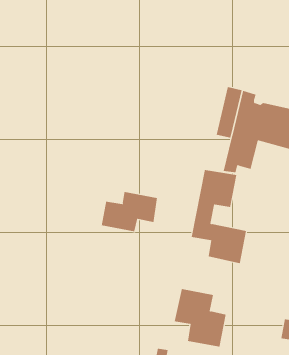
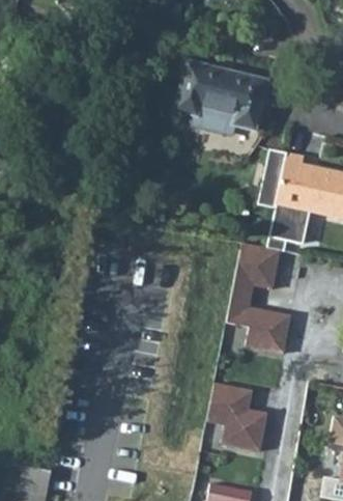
building: none -> [174,59,266,132]
building: [101,191,158,232] -> none

